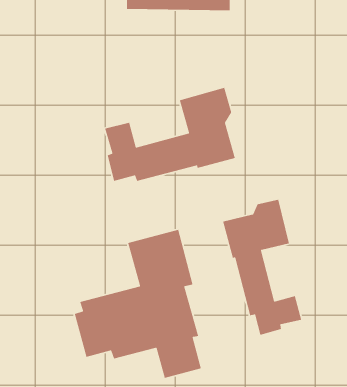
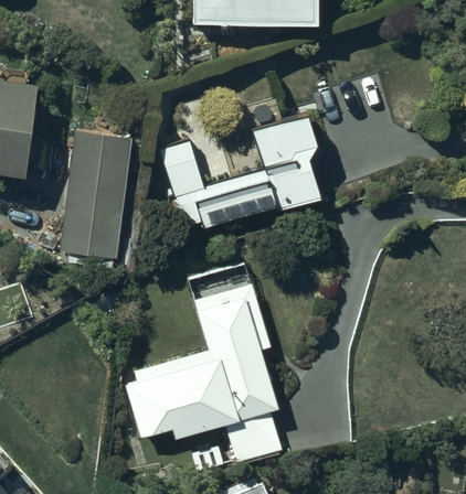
building: none -> [62,131,129,253]
building: [222,199,302,336] -> none

